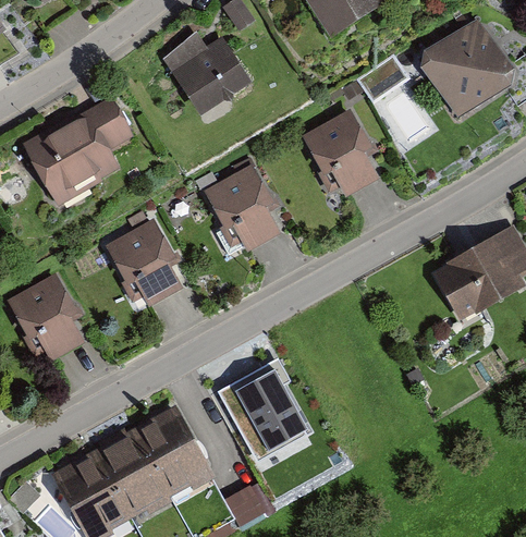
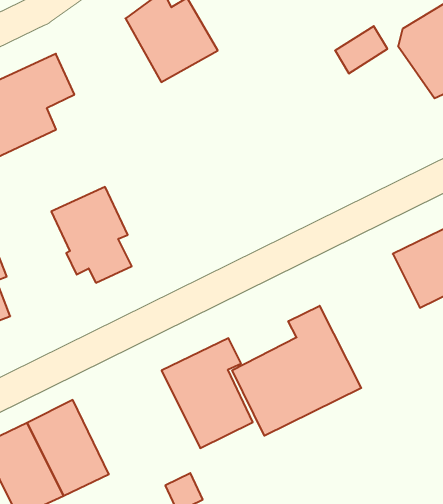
building: [297,112,374,199] -> none
building: [199,168,276,255] -> none
building: none -> [232,306,361,436]
building: [139,400,219,490] -> none

